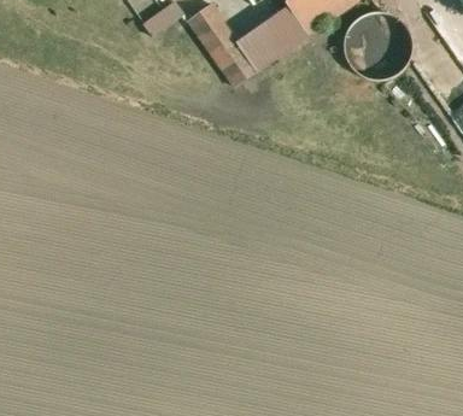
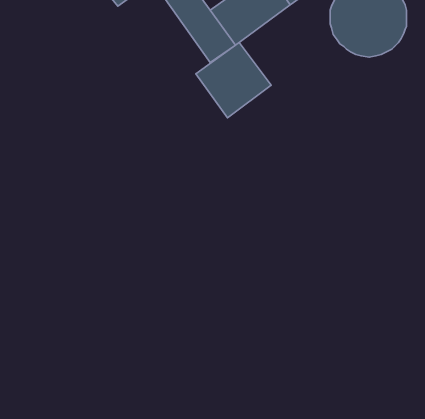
building: none -> [196,42,271,118]

